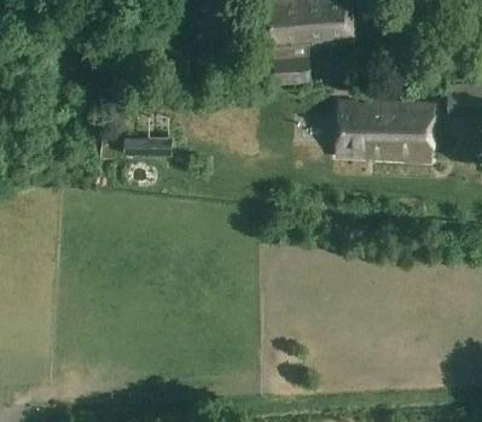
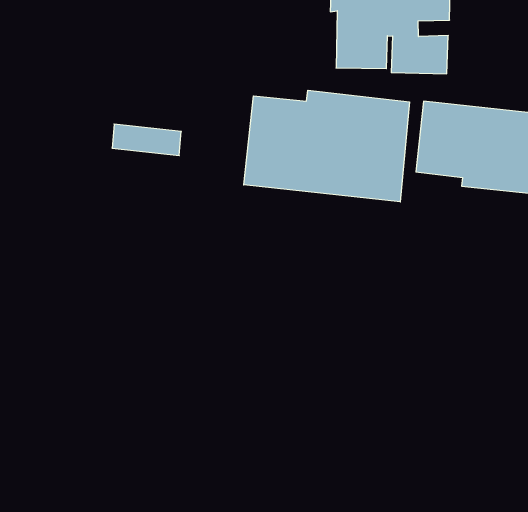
building: none -> [244,90,409,202]

